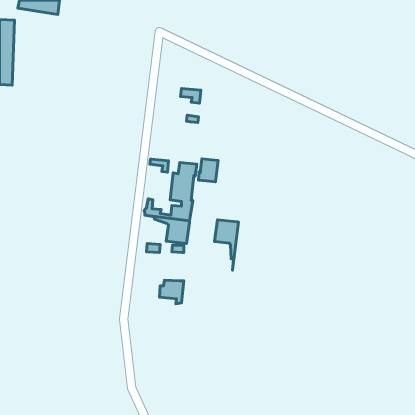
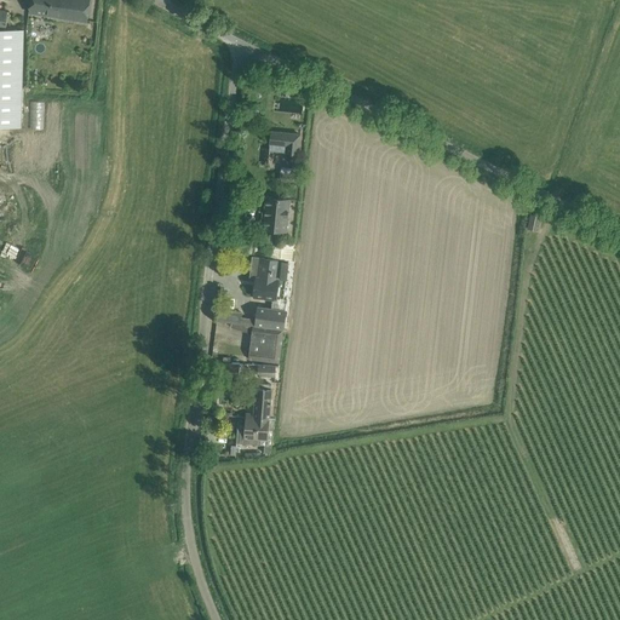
building: [199,159,218,182] -> [259,197,288,231]
building: [214,220,239,270] -> none
building: none -> [245,384,270,419]

